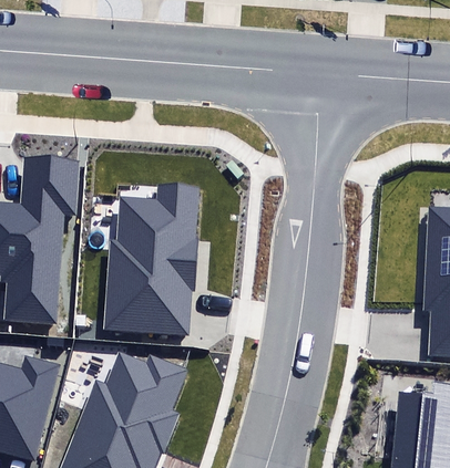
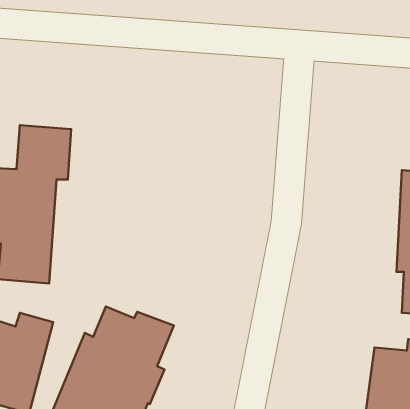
building: [103,188,196,335] -> none

